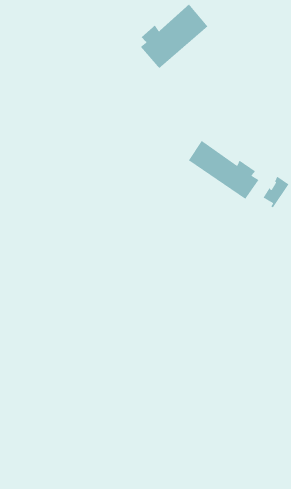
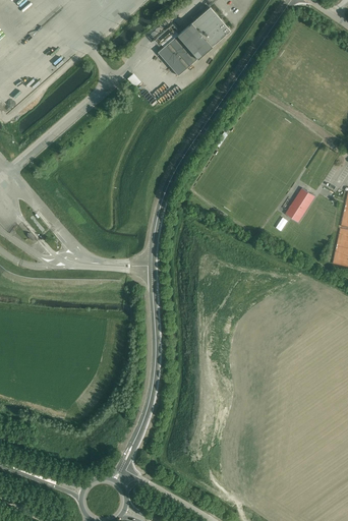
building: [188,140,259,200] -> none

